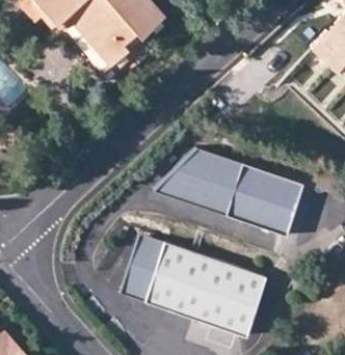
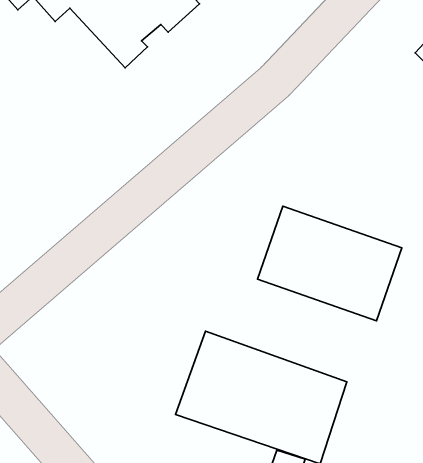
building: [154,148,220,207] -> none
building: [121,234,166,301] -> none

